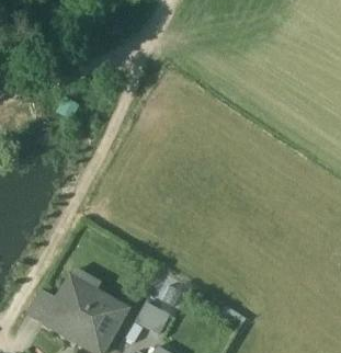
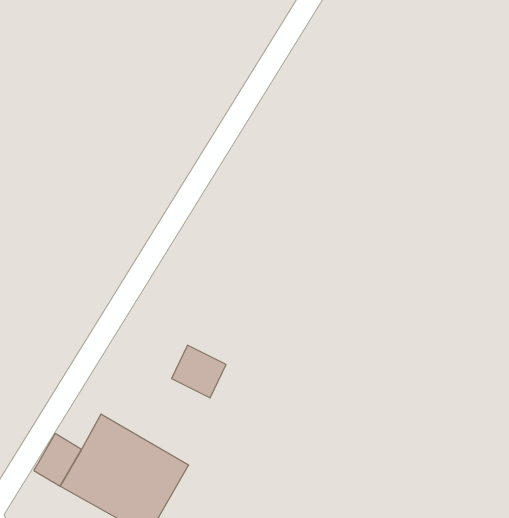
building: [136,297,170,330] -> [172,345,226,398]

